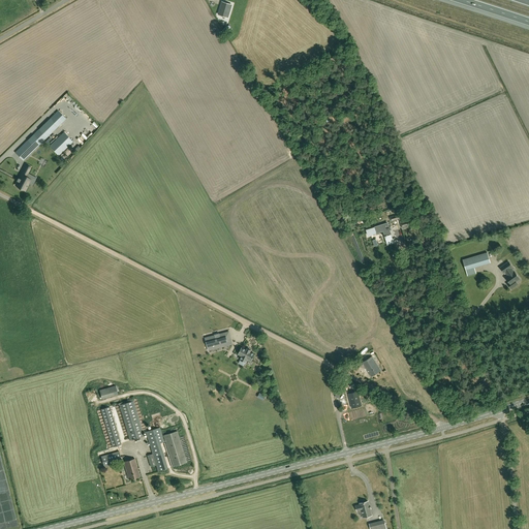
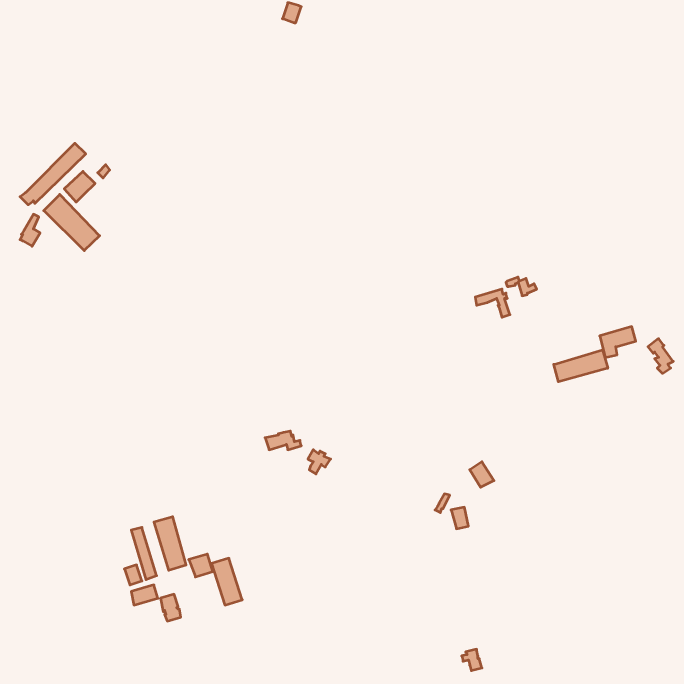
building: none -> [44,194,100,251]
building: none -> [554,350,608,382]

